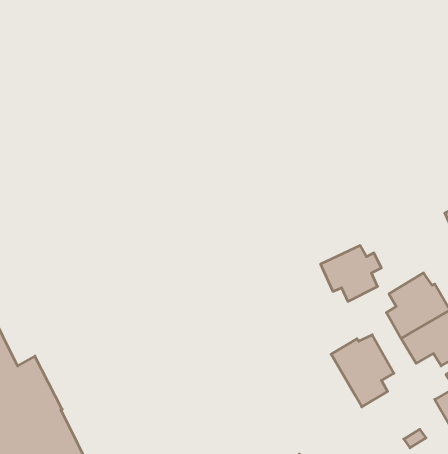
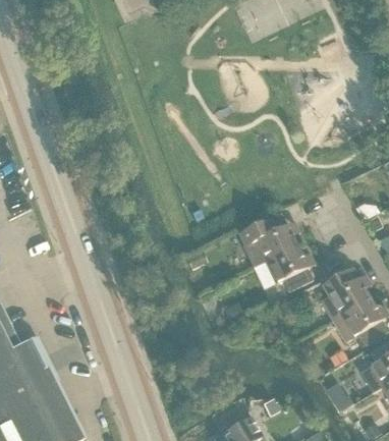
building: none -> [240,213,300,268]
building: [331,335,394,407] -> none

